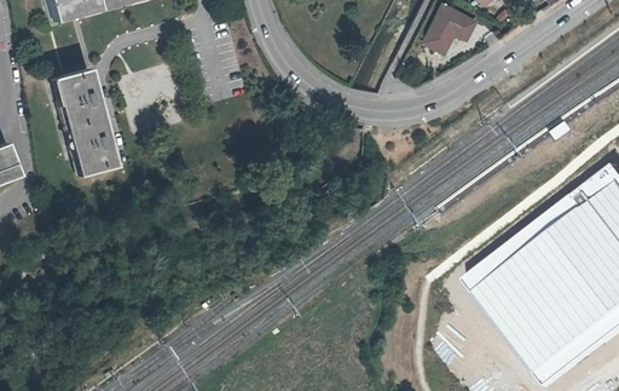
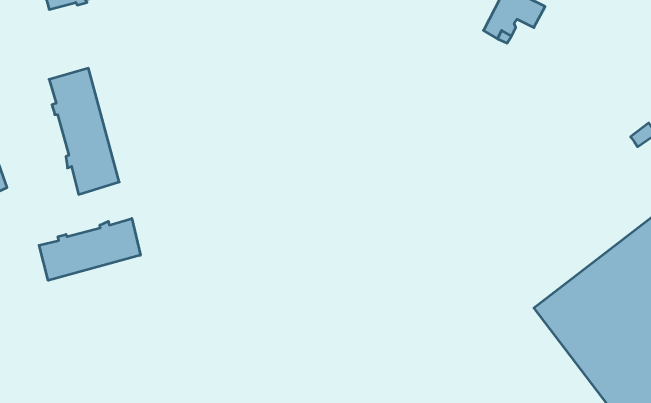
building: none -> [39,218,140,280]

